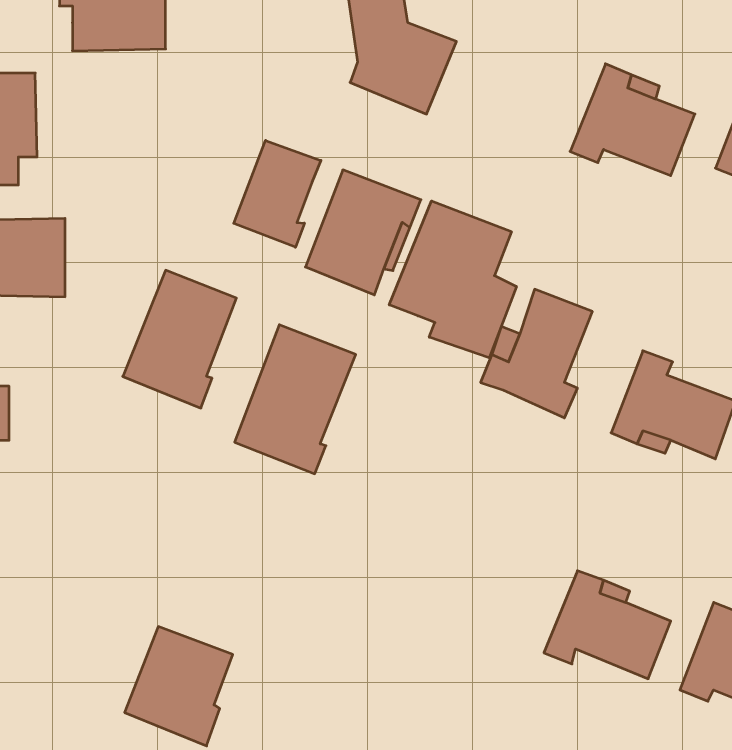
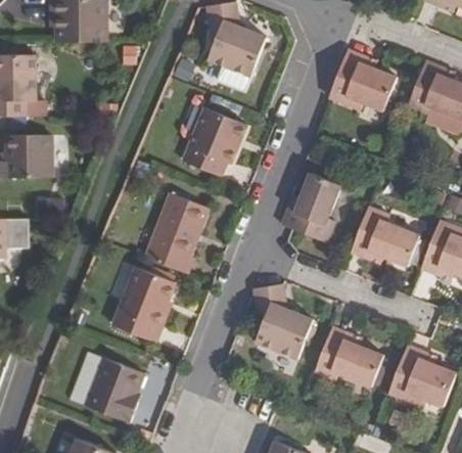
building: [234,140,321,247] -> none
building: [389,201,516,358] -> none
building: [123,270,236,408] -> [112,267,175,343]
building: none -> [255,284,313,359]

